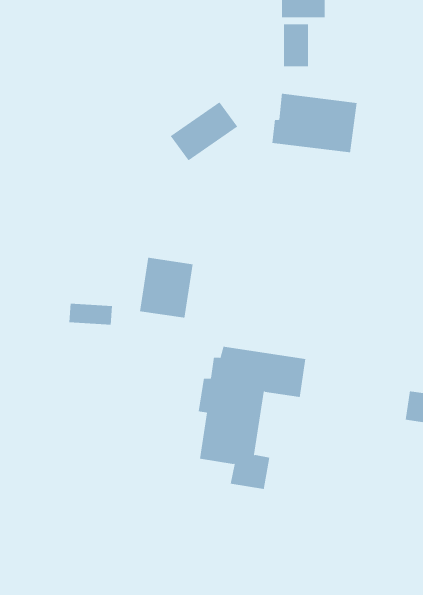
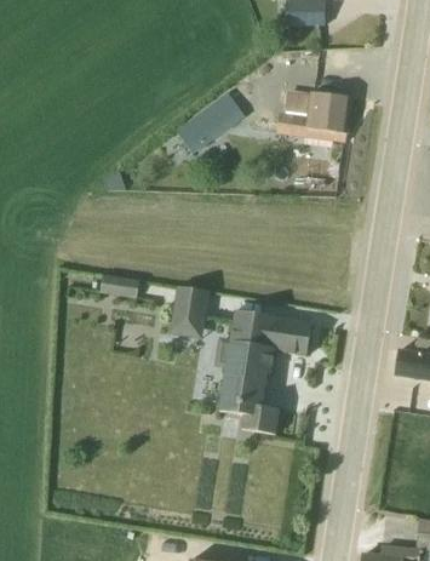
building: [284,24,309,67] -> none
building: [139,257,194,318] -> [162,287,210,340]

